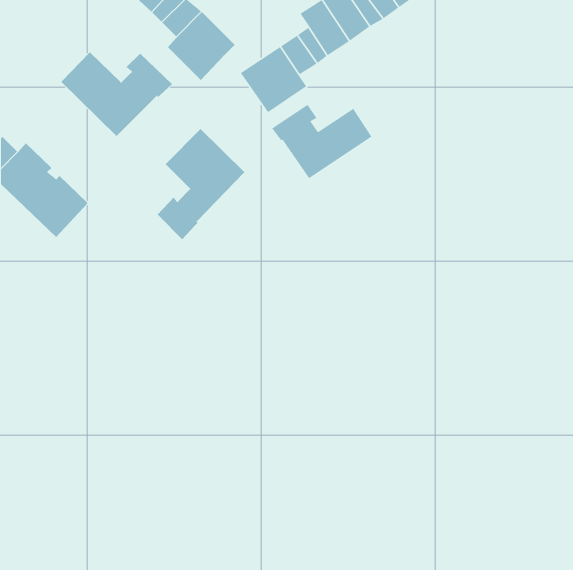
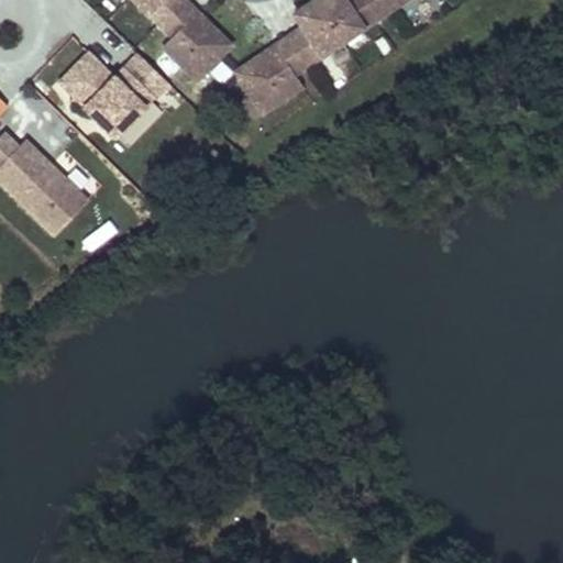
building: [271,104,372,179] -> none
building: [157,128,245,240] -> none

